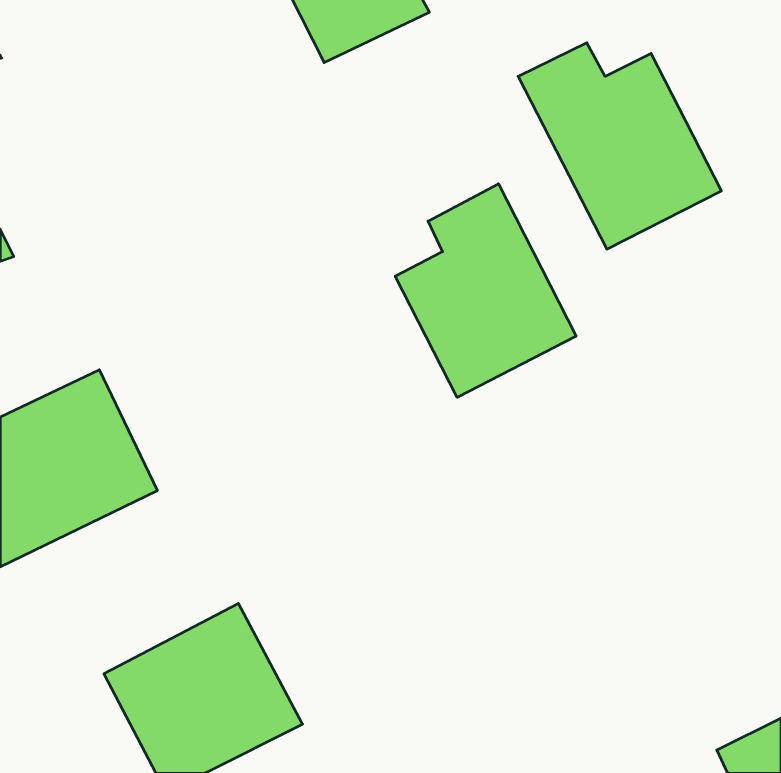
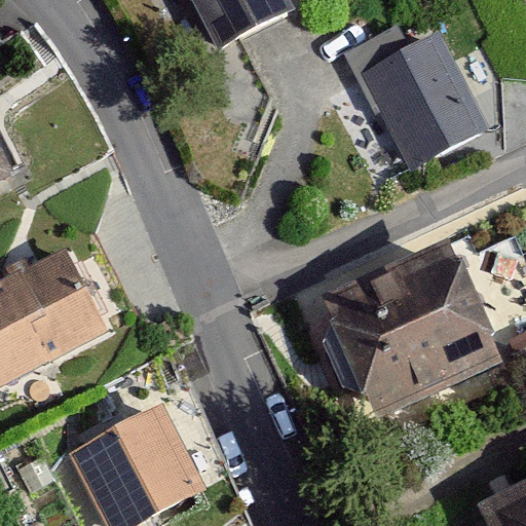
building: [395,184,576,397] -> none
building: none -> [327,247,497,416]

